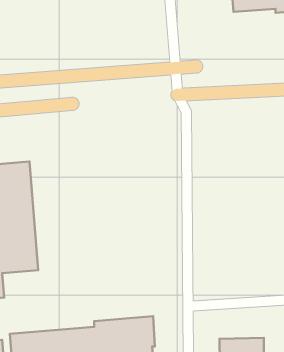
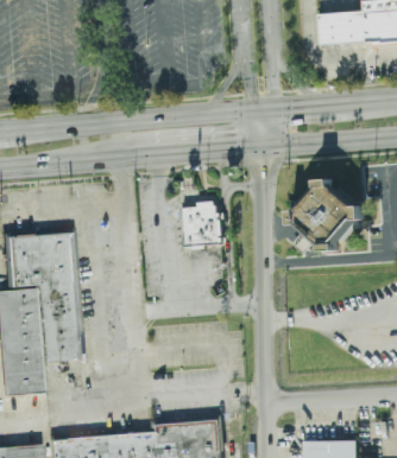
building: none -> [294,179,365,252]
building: none -> [184,202,222,246]

